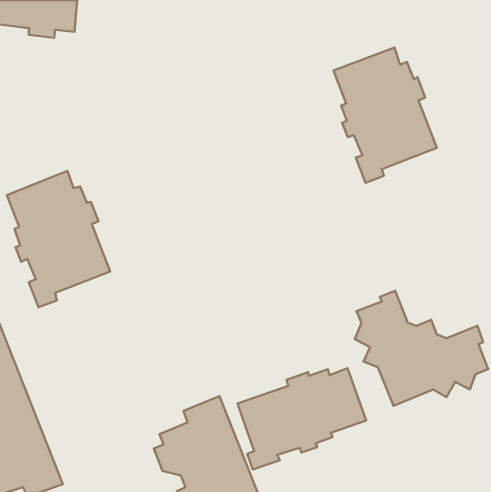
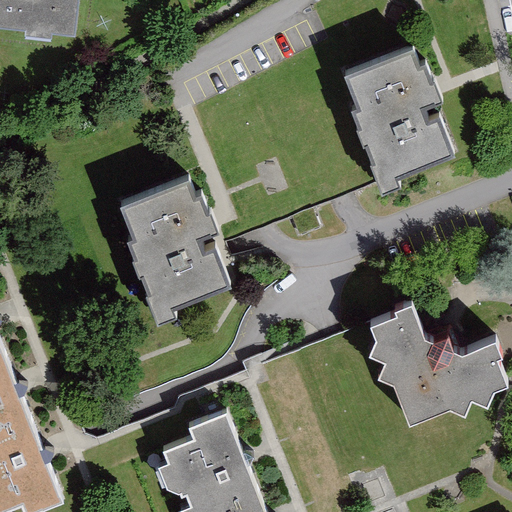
building: [7,171,110,307] -> [120,180,227,321]
building: [238,368,366,470] -> none

